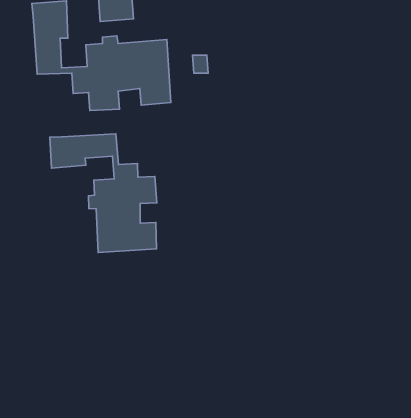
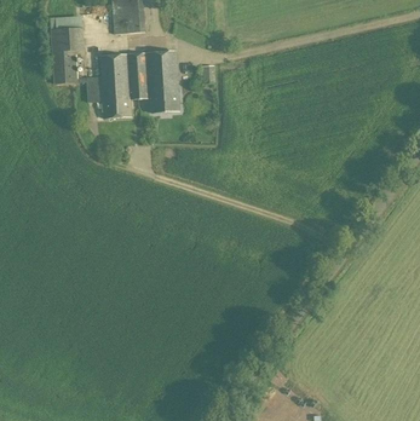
building: [50,134,157,252] -> none

